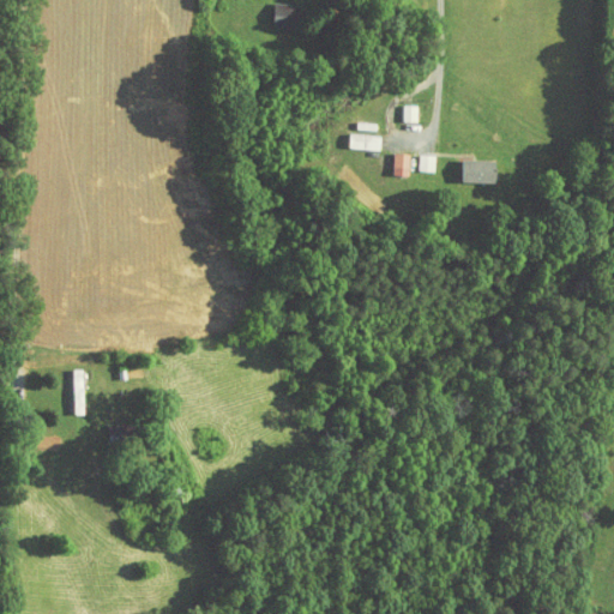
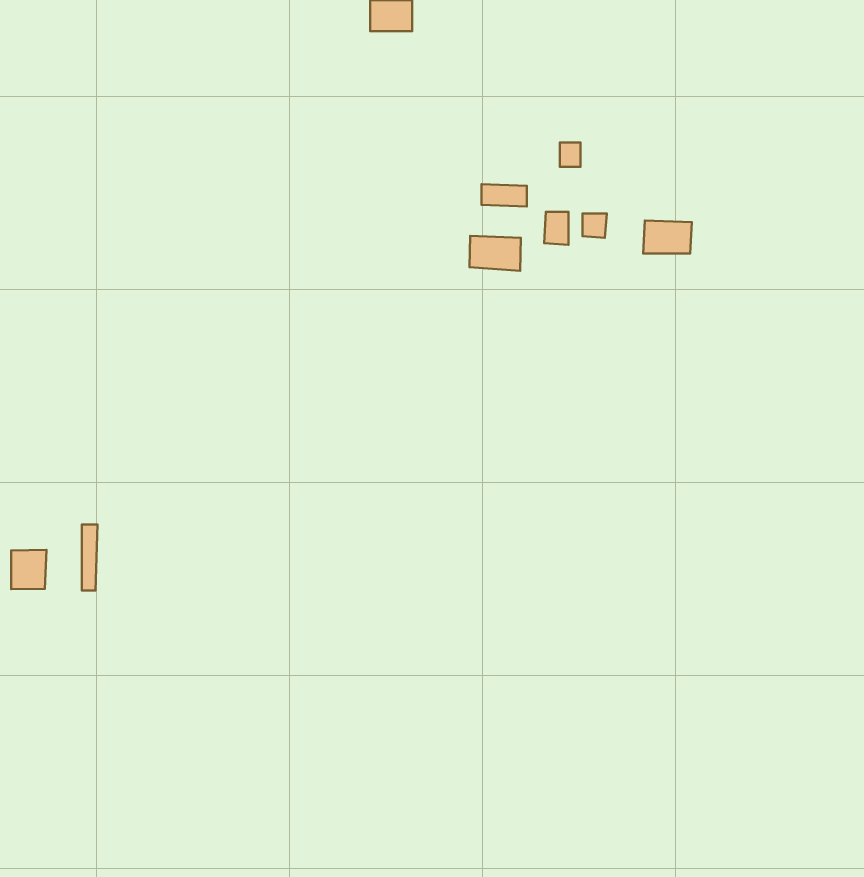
building: none -> [469,236,521,271]
building: none -> [11,550,47,589]

